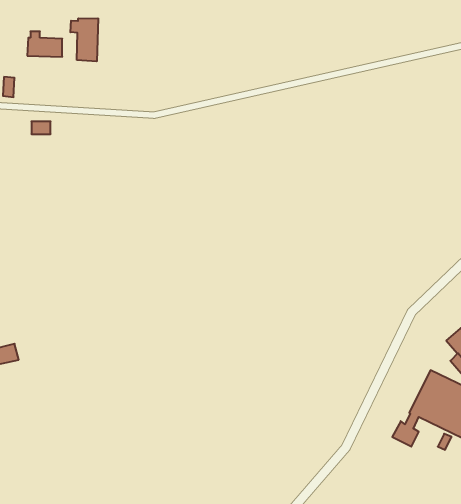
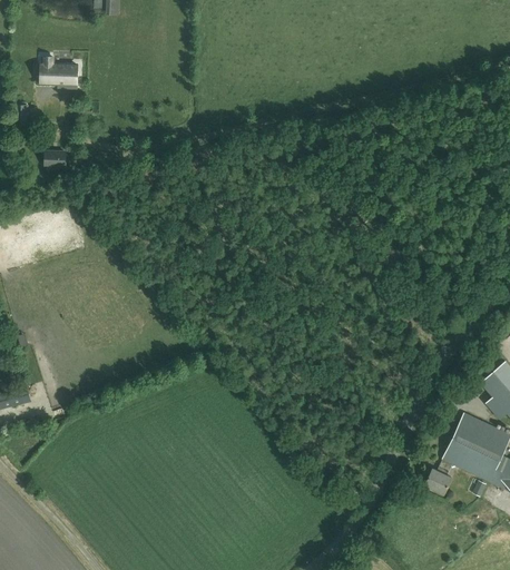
building: [70,18,98,61] -> none

